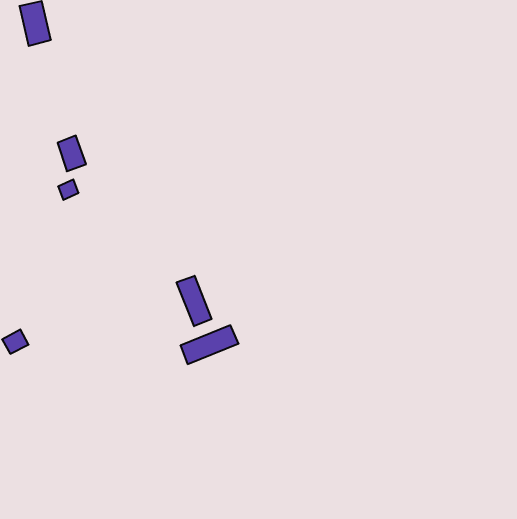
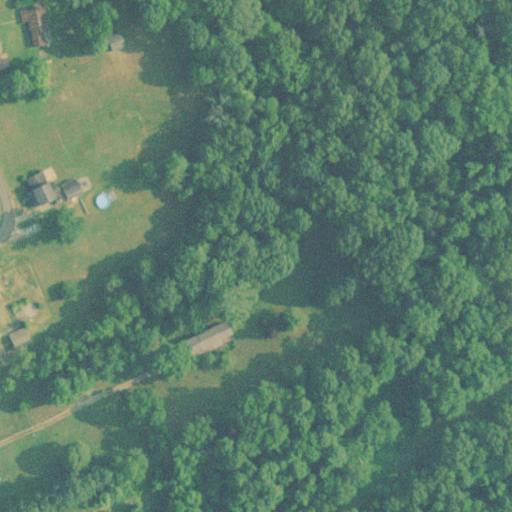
building: [58,136,86,171] -> [25,171,53,206]
building: [177,276,212,326] -> none

